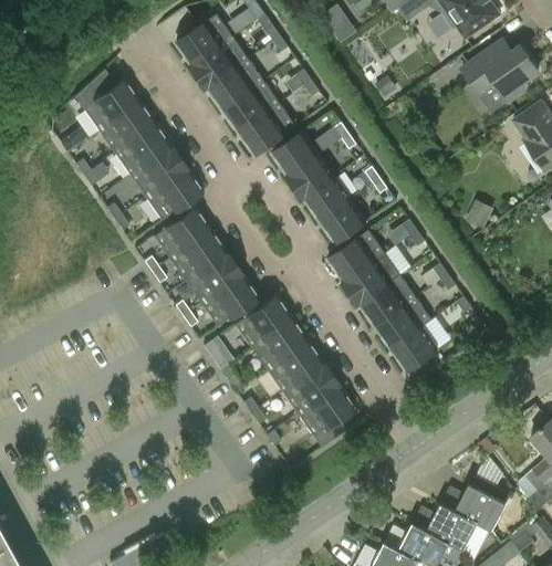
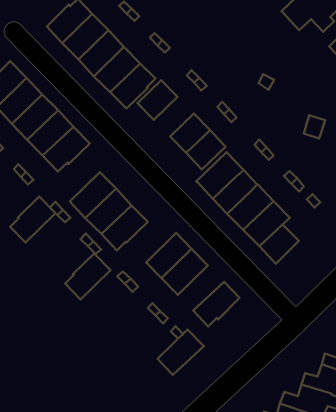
building: [285,153,335,199] -> none
building: [153,206,210,259] -> [10,197,55,243]
building: [233,294,291,347] -> [65,254,110,299]
building: [281,363,340,415] -> [158,330,204,375]

